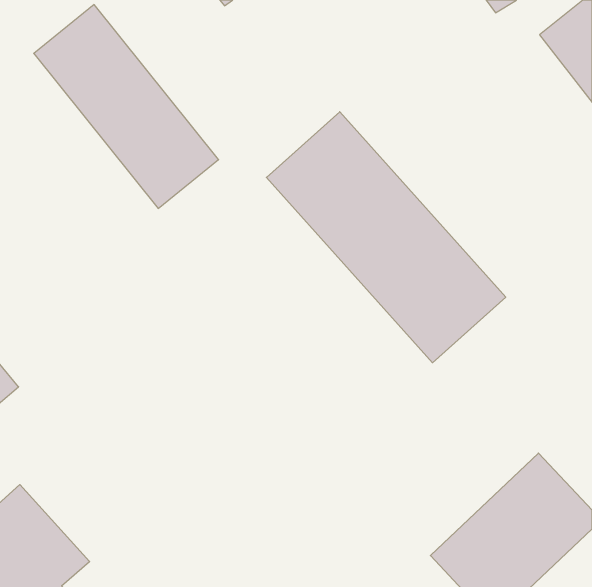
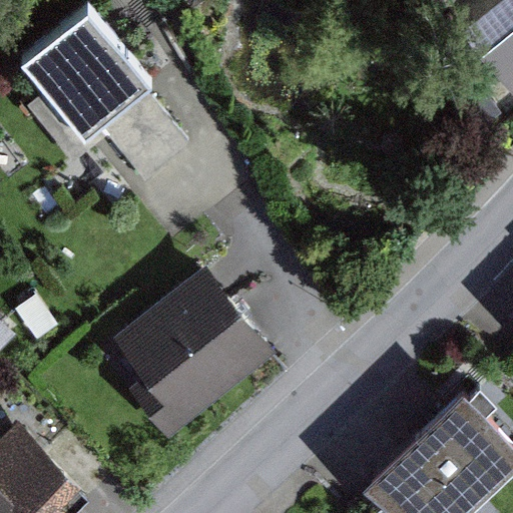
building: [266,112,506,363] -> none
building: none -> [113,264,277,440]

